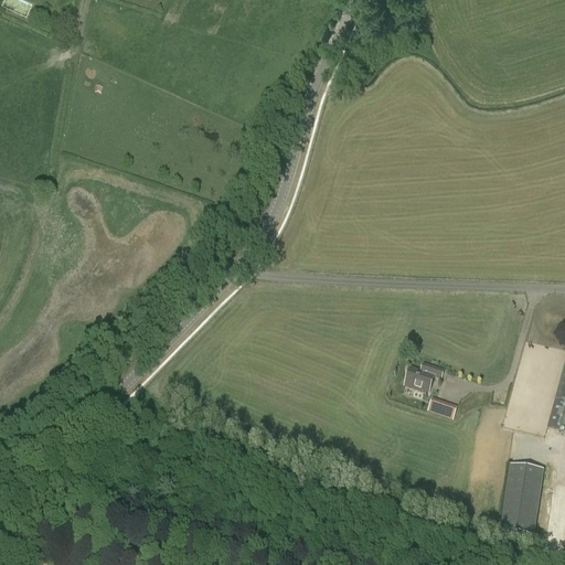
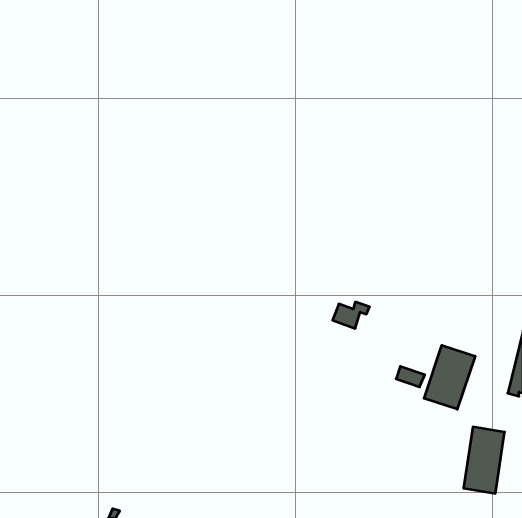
building: [406,362,446,391] -> [333,302,370,328]
building: none -> [424,345,475,409]

